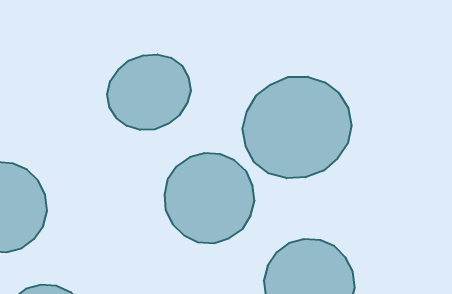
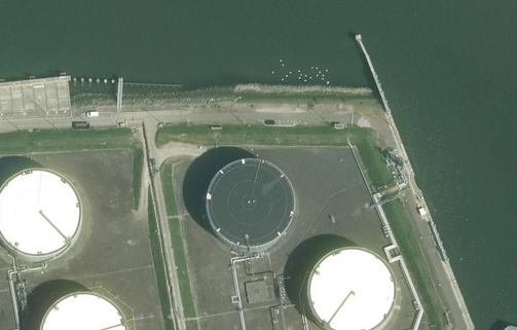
building: [107,54,191,130] -> none
building: [242,77,351,178] -> none

